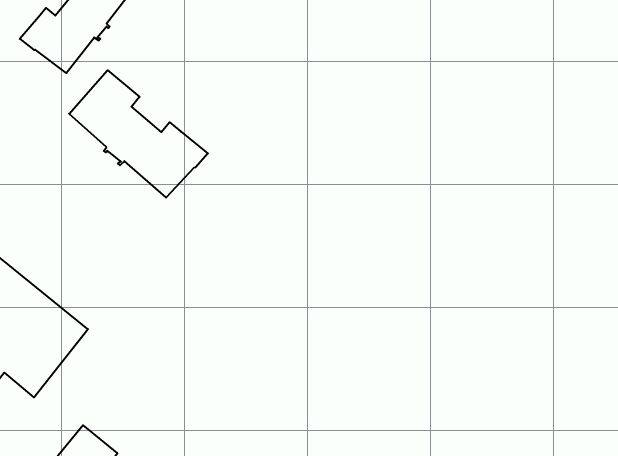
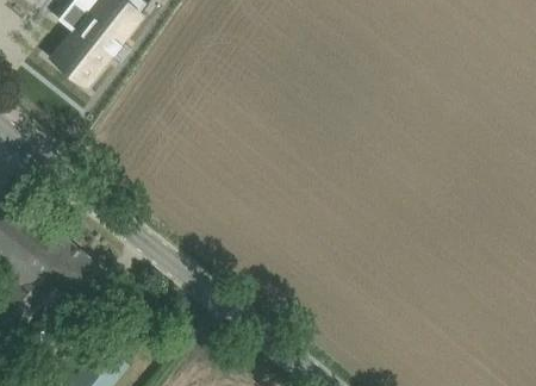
building: [69,70,208,198] -> none

